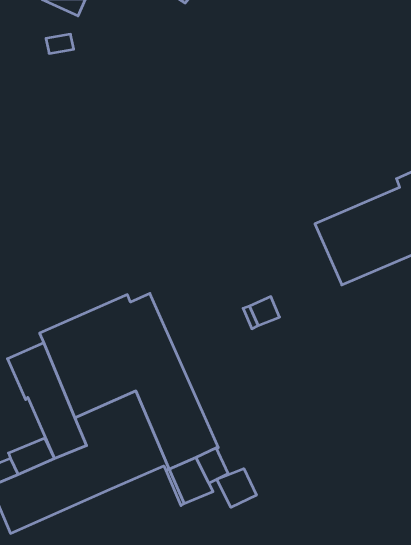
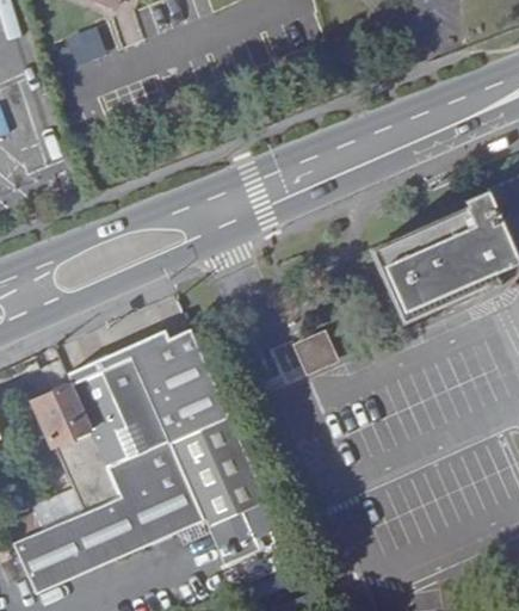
building: [217,469,256,507] -> none

